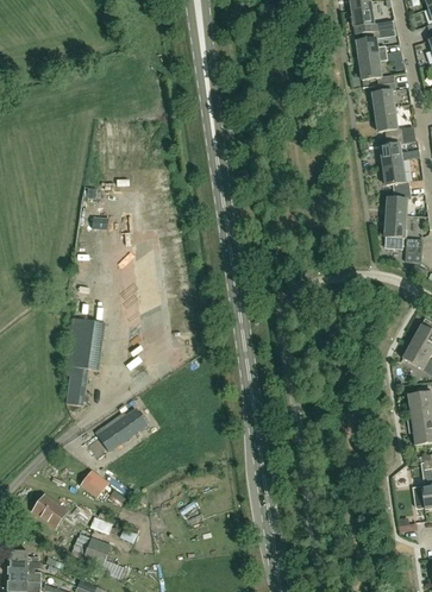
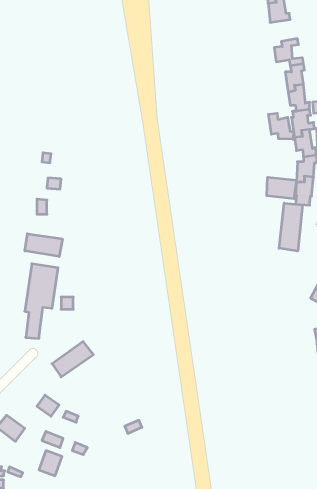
building: [356,30,387,63] -> none
building: none -> [268,113,293,139]
building: none -> [267,177,296,199]
building: none -> [279,203,302,251]
building: none -> [25,234,62,257]

